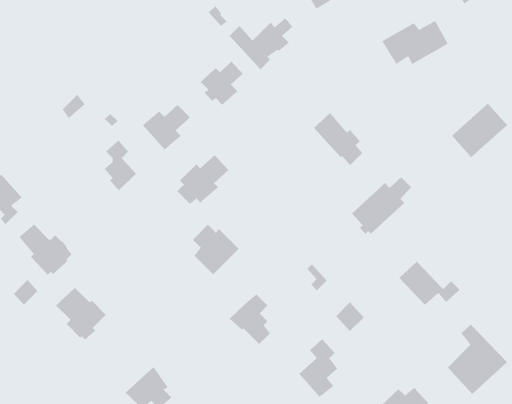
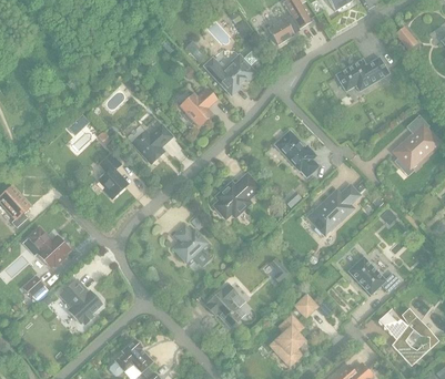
building: [177,154,229,204] -> [214,174,259,216]

